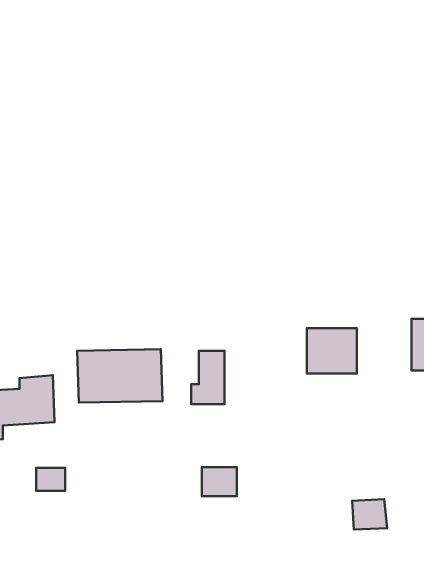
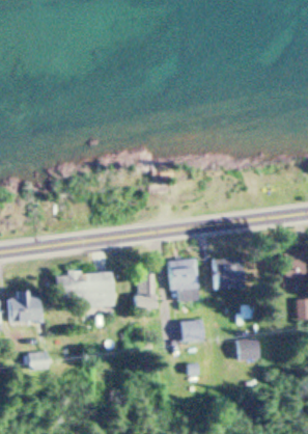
building: none -> [169,259,202,301]
building: [202,467,237,496] -> [183,321,206,341]
building: [352,499,387,530] -> [240,338,263,359]

